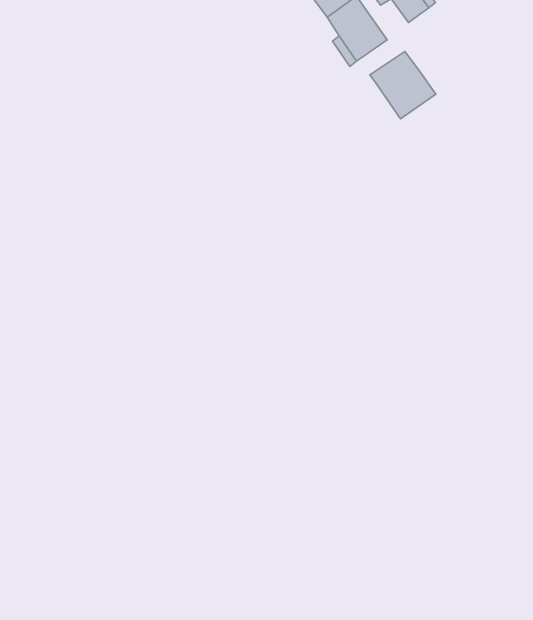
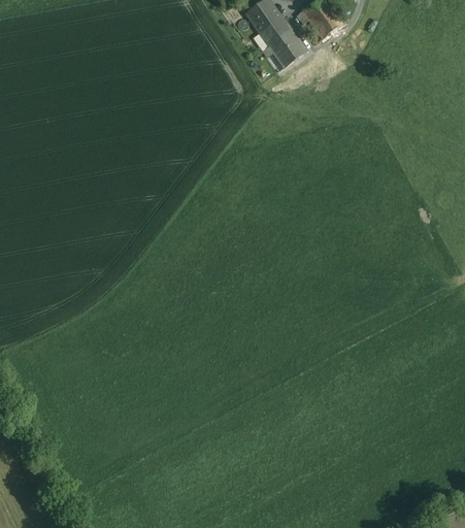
building: [370,51,436,119] -> none

